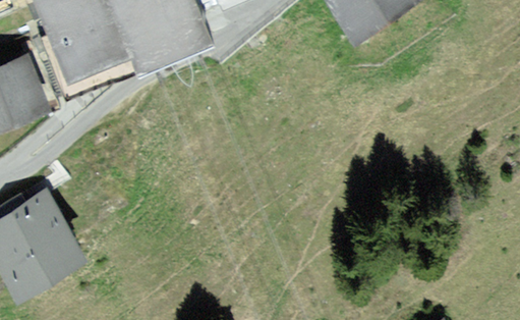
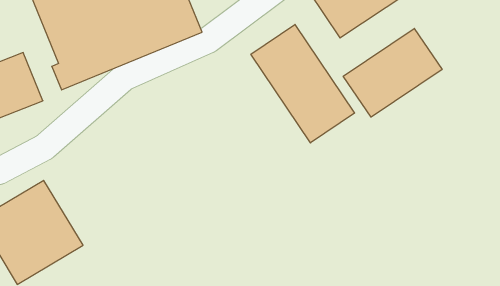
building: none -> [251,24,355,143]
building: none -> [343,28,442,117]

